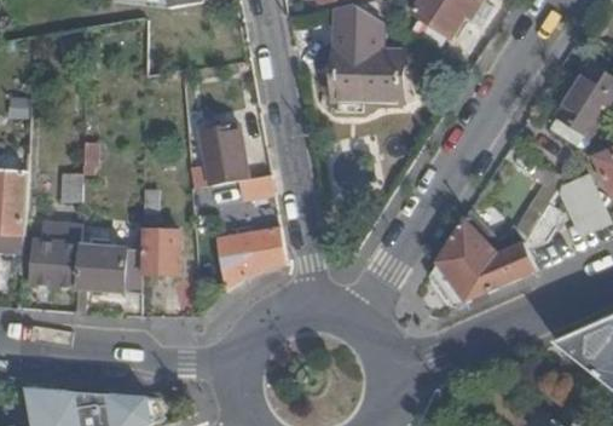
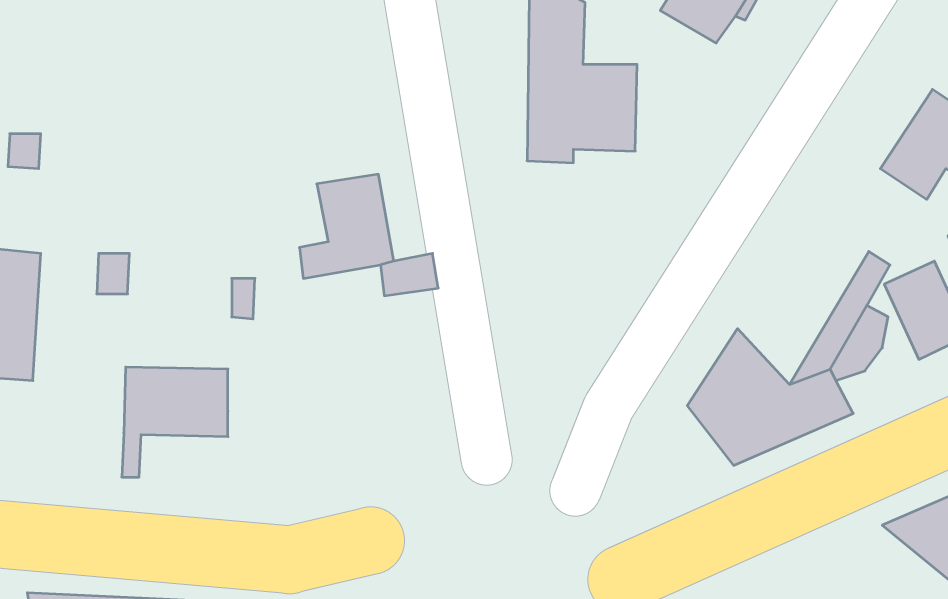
building: [35,219,81,284] -> none
building: [218,225,288,288] -> none
building: [144,229,181,272] -> none

